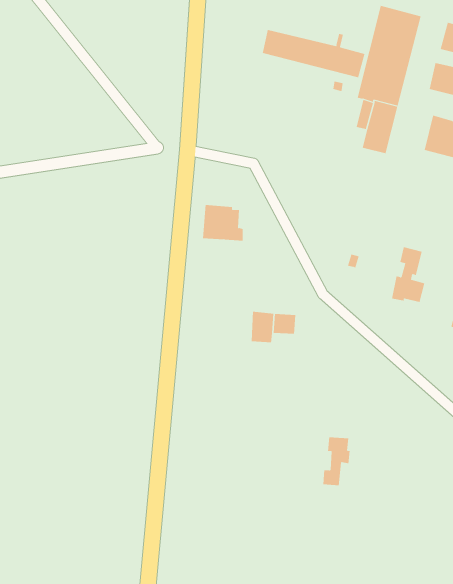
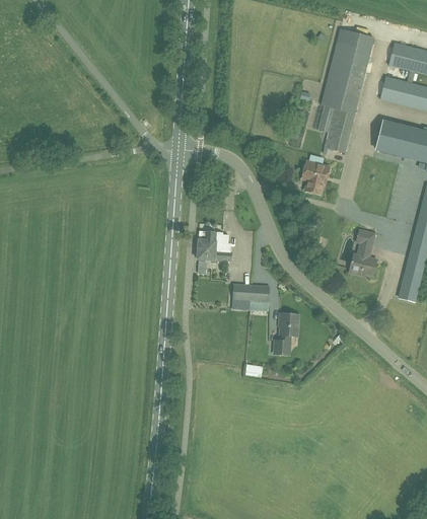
building: [262,29,365,78] -> none
building: none -> [301,161,328,194]
building: [202,204,244,241] -> [196,231,230,262]
building: [322,437,350,486] -> [274,313,297,354]

